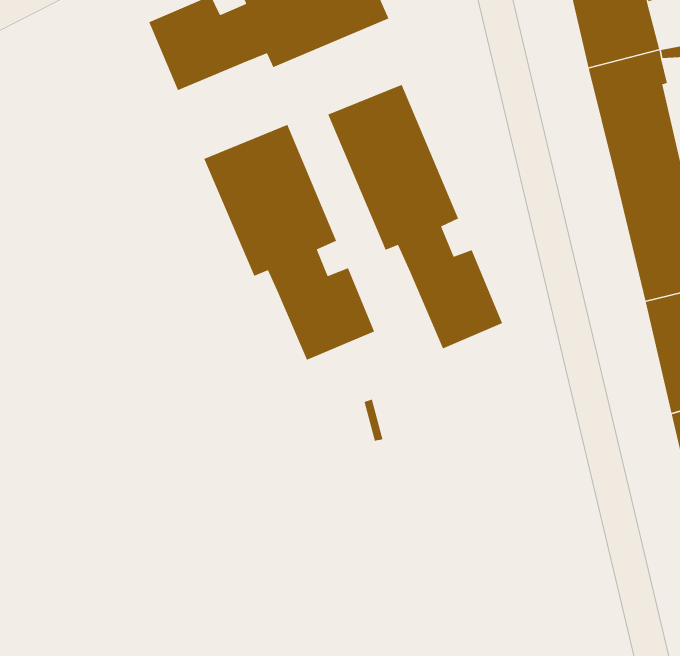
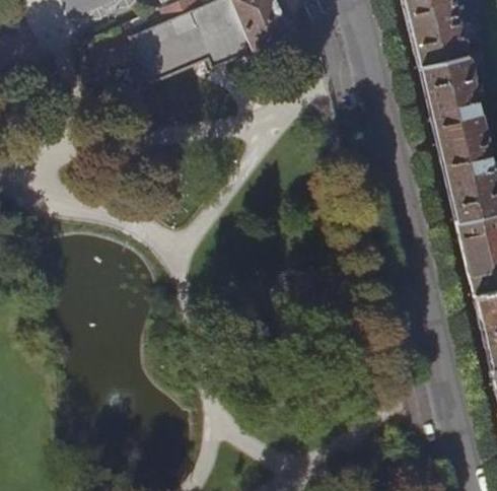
building: [327,84,503,349] -> none
building: [203,124,375,361] -> none

